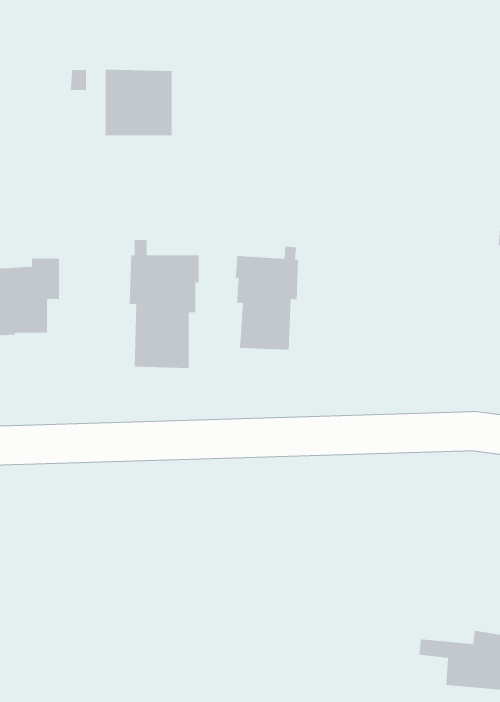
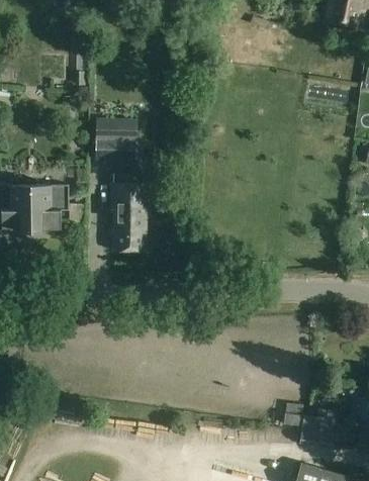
building: [105,69,172,136] -> [97,118,137,159]
building: [235,246,299,350] -> none

